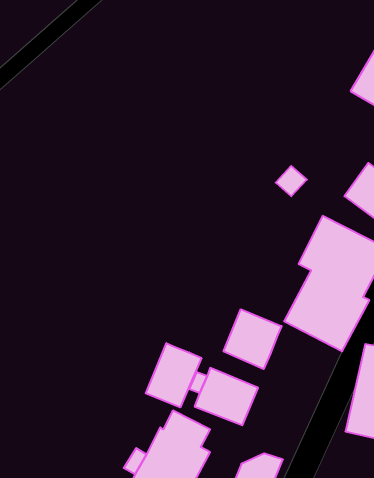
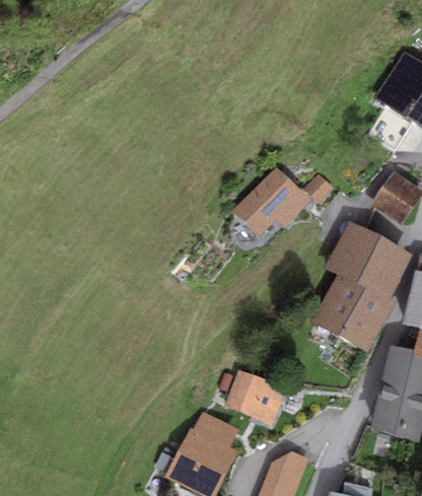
building: none -> [231,166,312,238]
building: [224,309,282,369] -> none
building: [146,343,201,407] -> none

